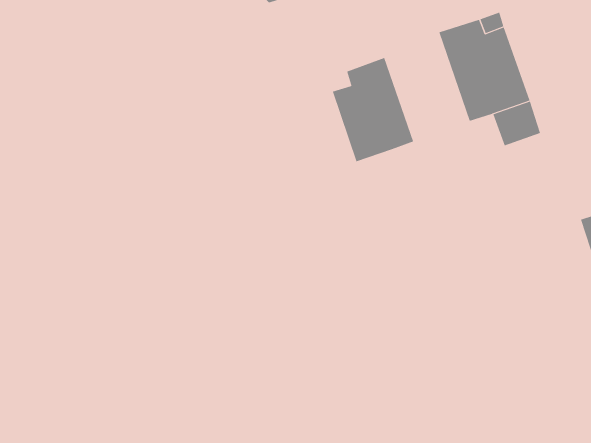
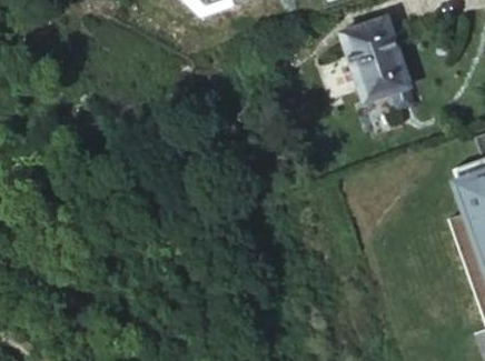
building: [332,57,414,162] -> none

